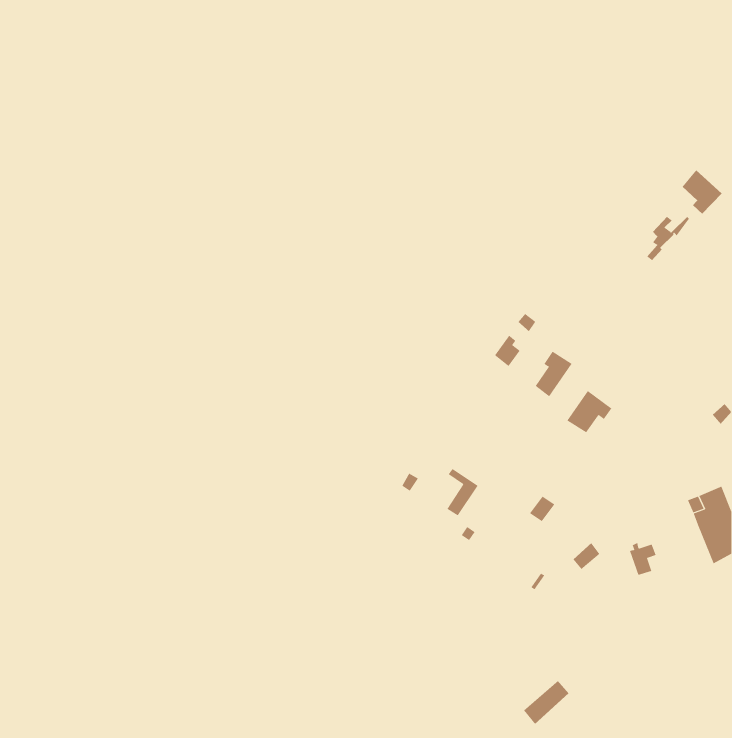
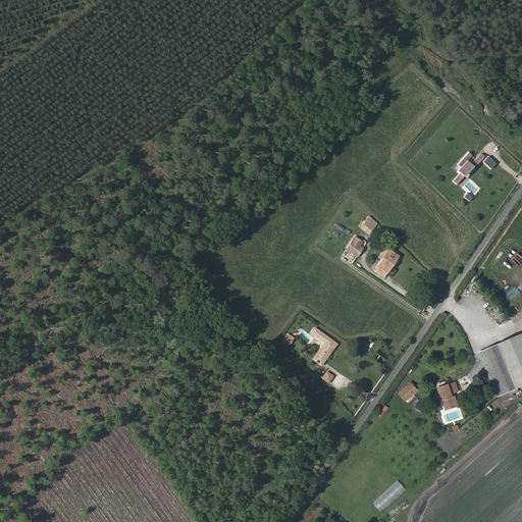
building: [682,170,722,215] -> none
building: [567,390,612,433] -> none

